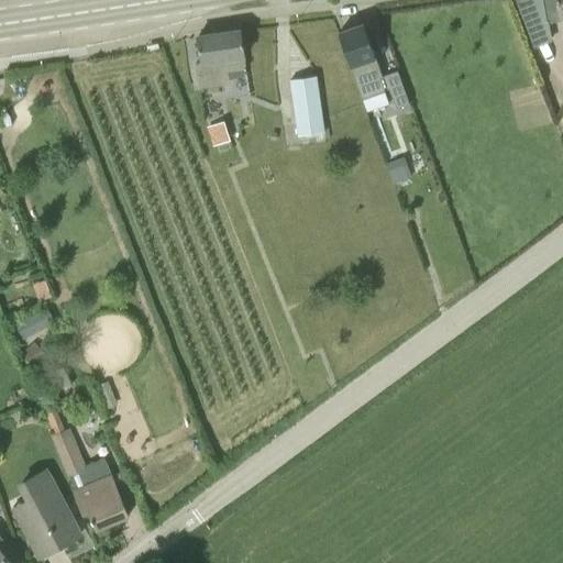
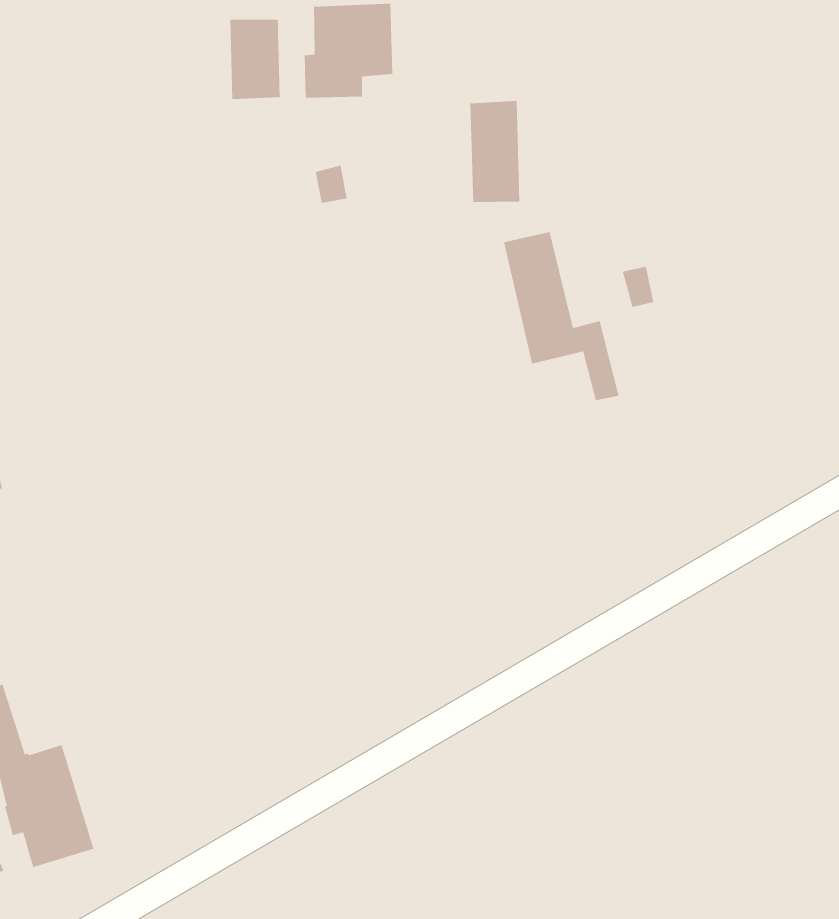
building: [339,24,412,115] -> [503,231,620,401]
building: none -> [229,19,280,100]

